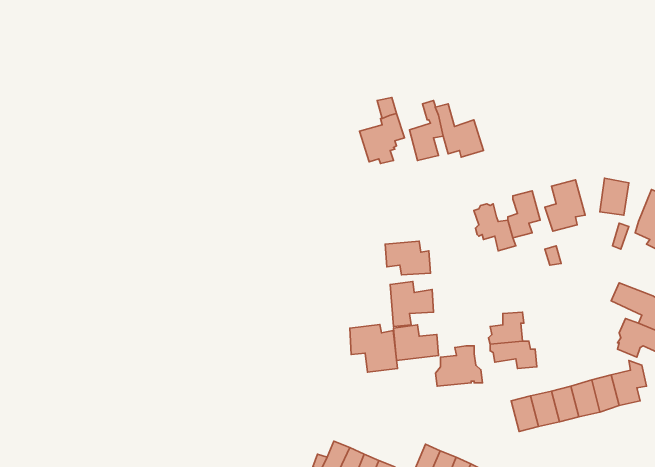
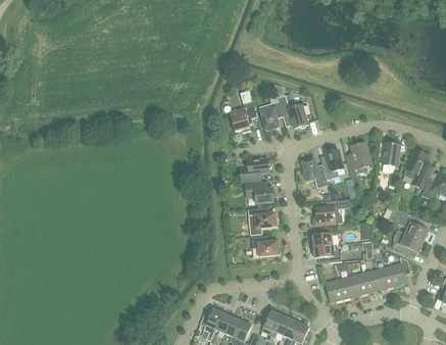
building: none -> [240,155,271,181]
building: [350,325,397,372] -> none
building: [436,346,482,386] -> [312,199,342,225]

